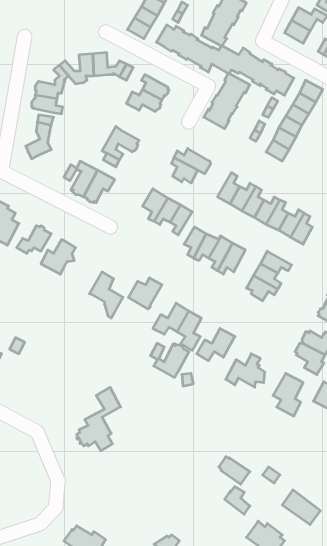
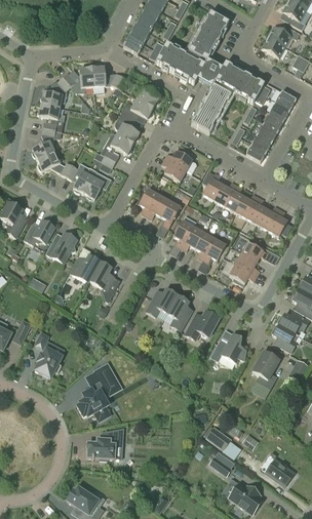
building: none -> [114,115,139,144]
building: none -> [37,152,72,176]
building: [128,278,162,309] -> [70,254,100,282]
building: [150,343,189,377] -> none
building: none -> [34,332,61,377]
building: none -> [86,428,122,460]

